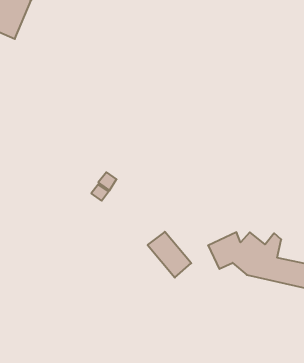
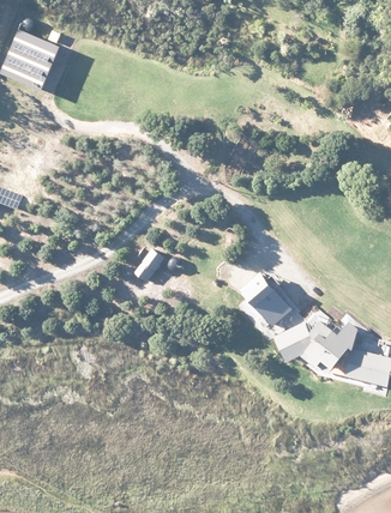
building: [148,232,191,278] -> [239,272,290,326]

